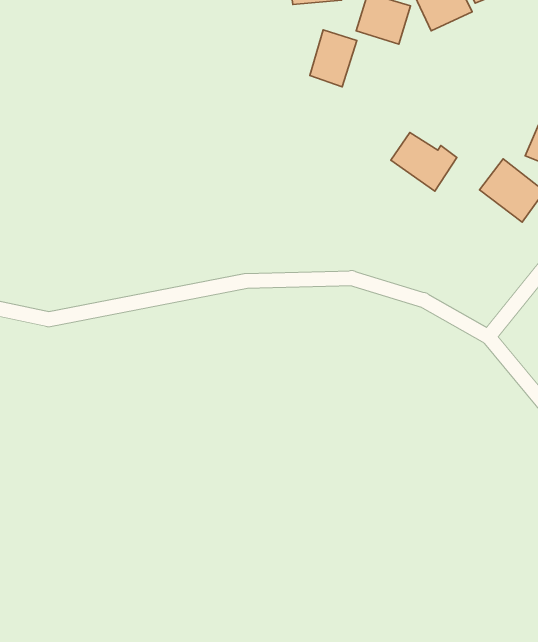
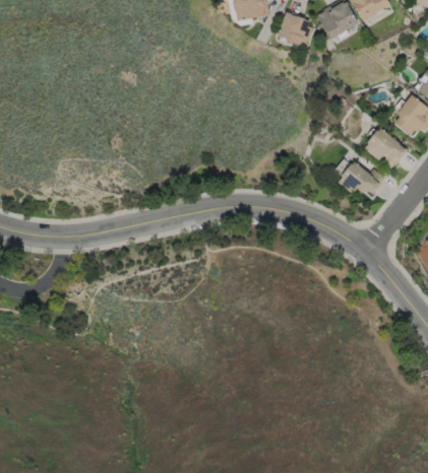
building: [310,30,357,87] -> none
building: [391,132,457,191] -> [339,160,384,201]

